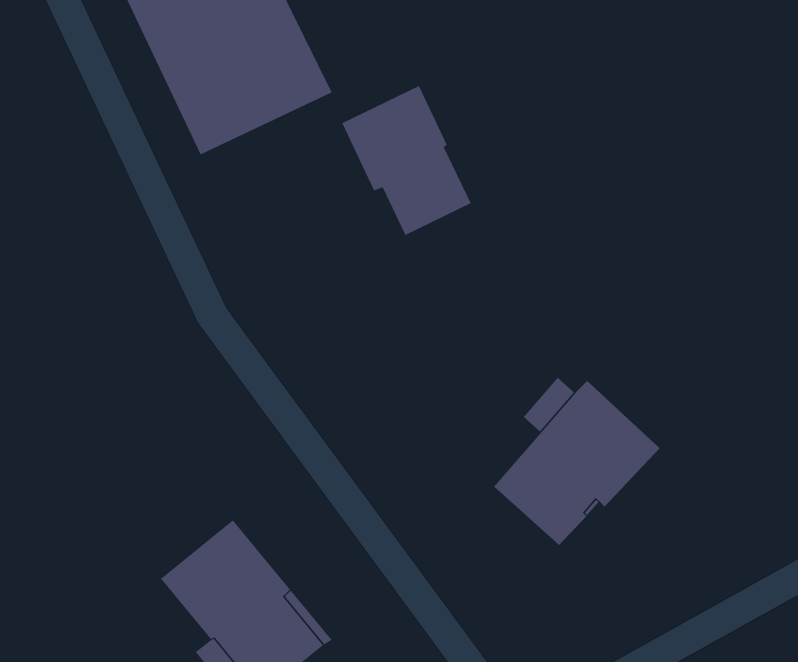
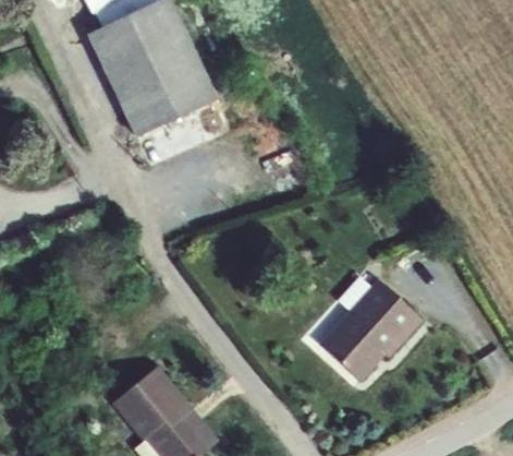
building: [342,85,472,236] -> none

